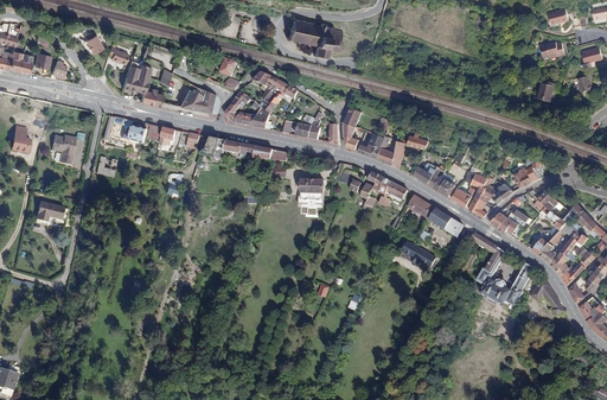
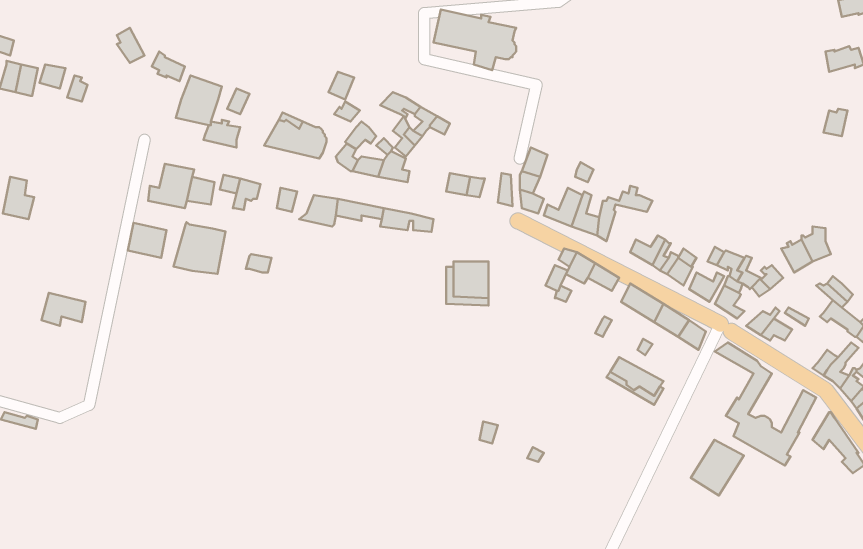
building: [51,134,77,164] -> none
building: none -> [174,222,225,274]
building: none -> [691,440,744,495]

